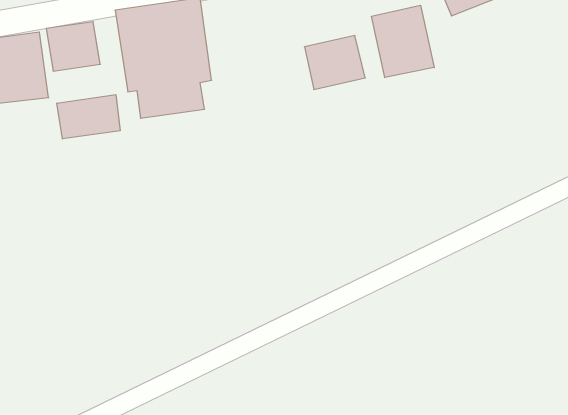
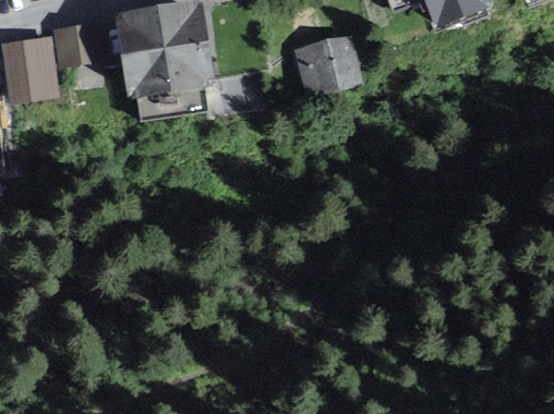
building: [372,5,434,78] -> none
building: [57,95,120,139] -> none

